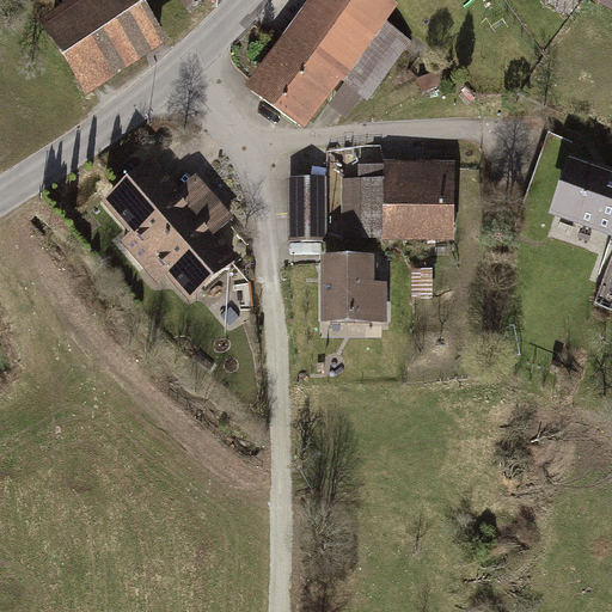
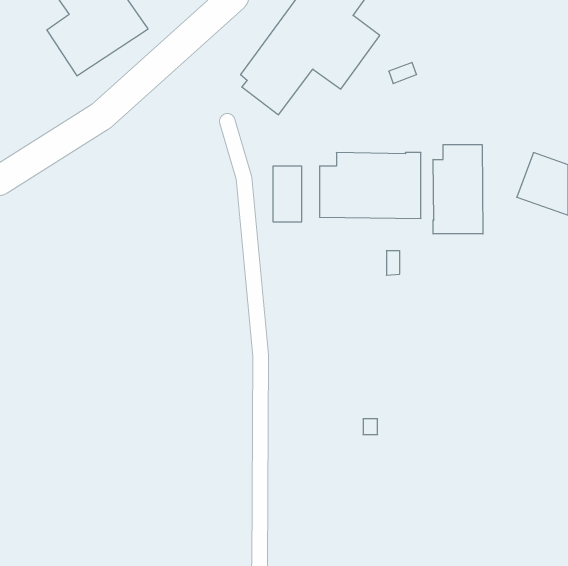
building: none -> [433,145,483,234]
building: [110,165,230,292] -> none
building: [326,262,380,314] -> none

